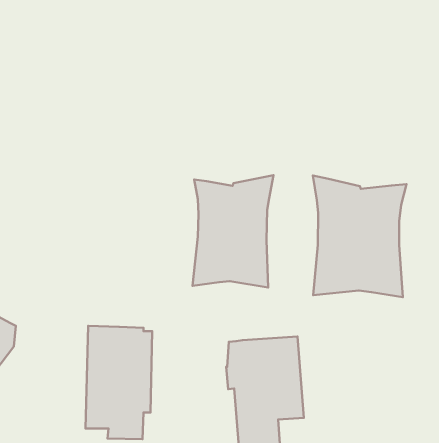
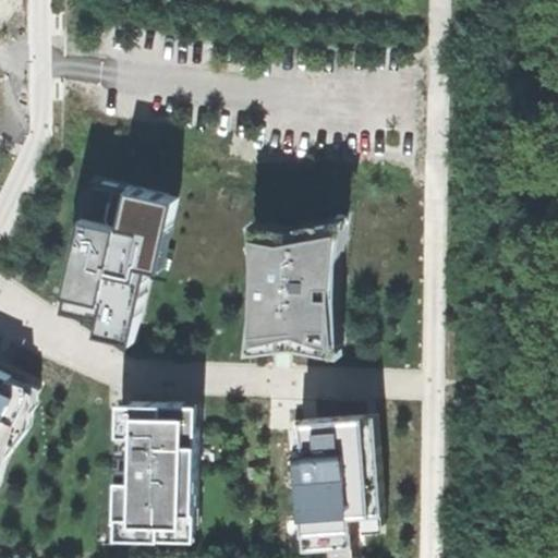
building: none -> [57,183,172,347]
building: [313,175,406,297] -> none

